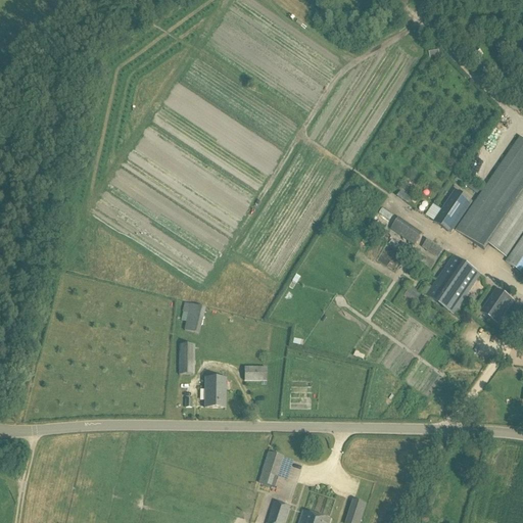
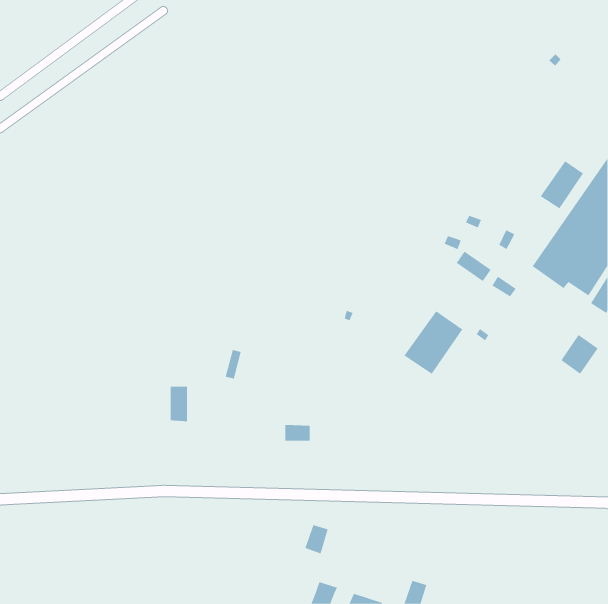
building: [434,189,472,231] -> [540,161,584,209]
building: [428,255,479,311] -> [404,310,463,375]
building: [179,342,194,373] -> [170,386,188,422]
building: [204,376,226,406] -> none

